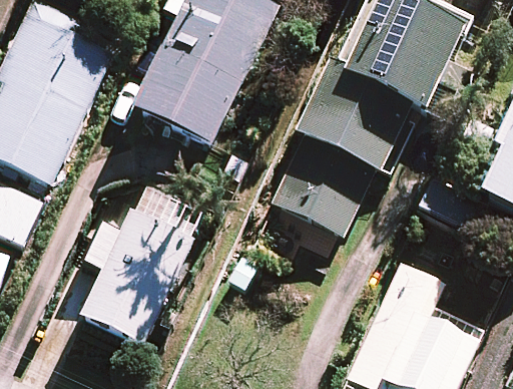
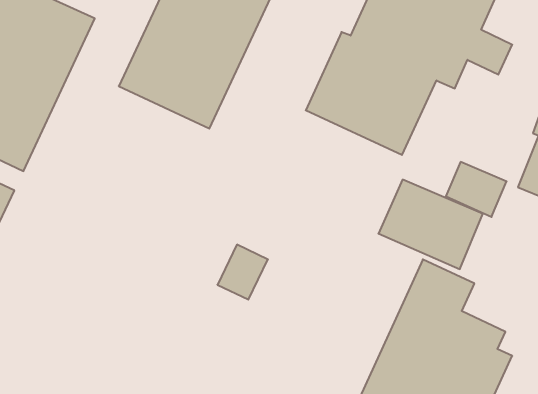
building: [272,154,363,233] -> [378,180,483,269]
building: [80,210,193,343] -> none

